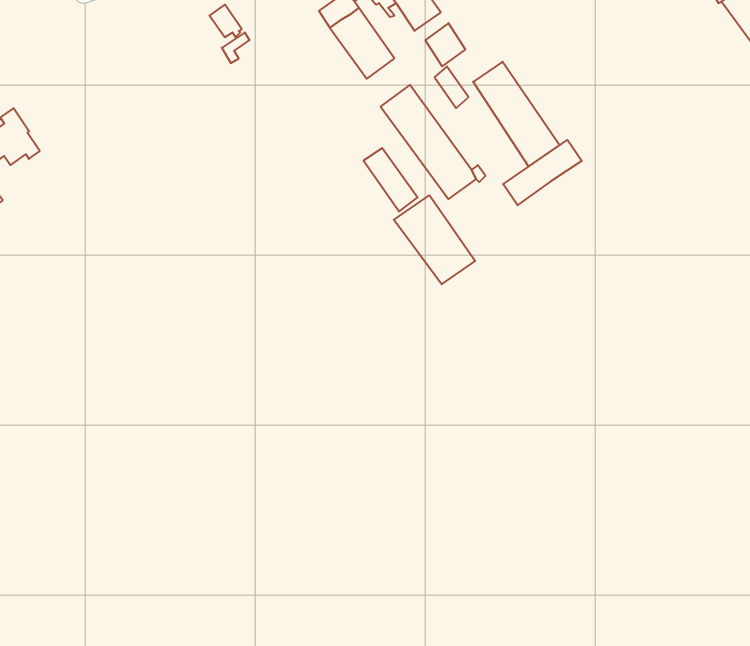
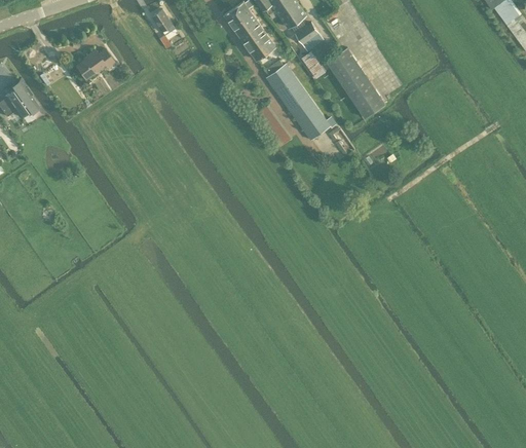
building: none -> [76,48,115,79]
building: [503,140,582,205] -> none
building: [394,195,475,284] -> none

